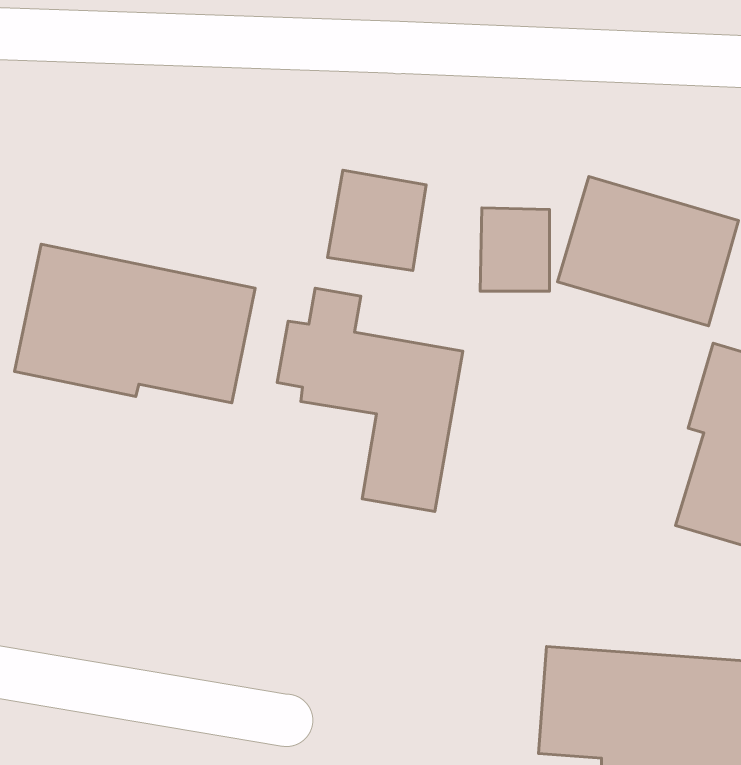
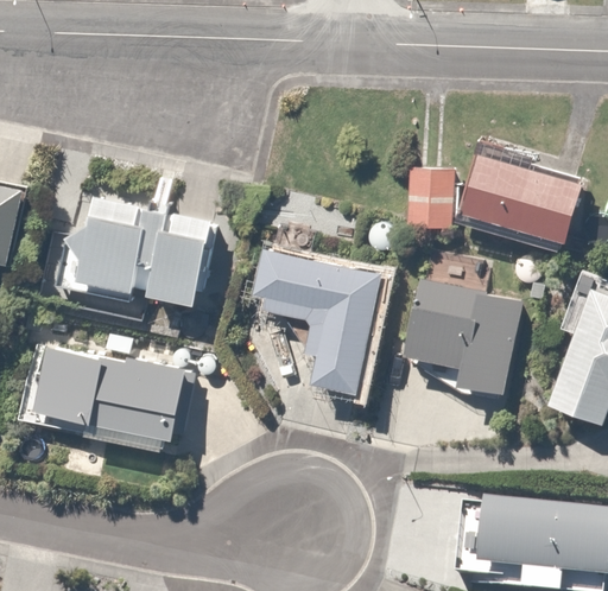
building: [327,170,426,271] -> none
building: none -> [410,256,528,399]
building: none -> [43,350,197,444]

